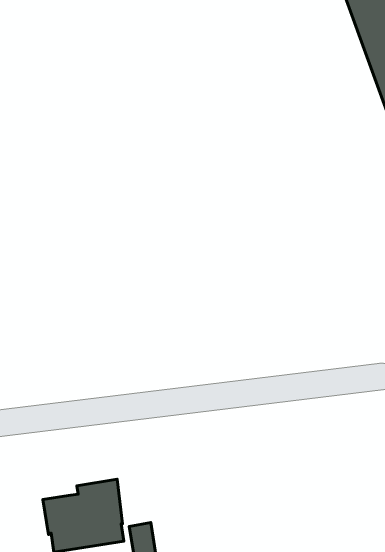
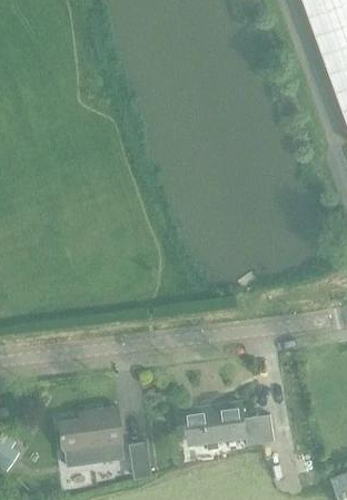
building: none -> [185,402,277,451]

